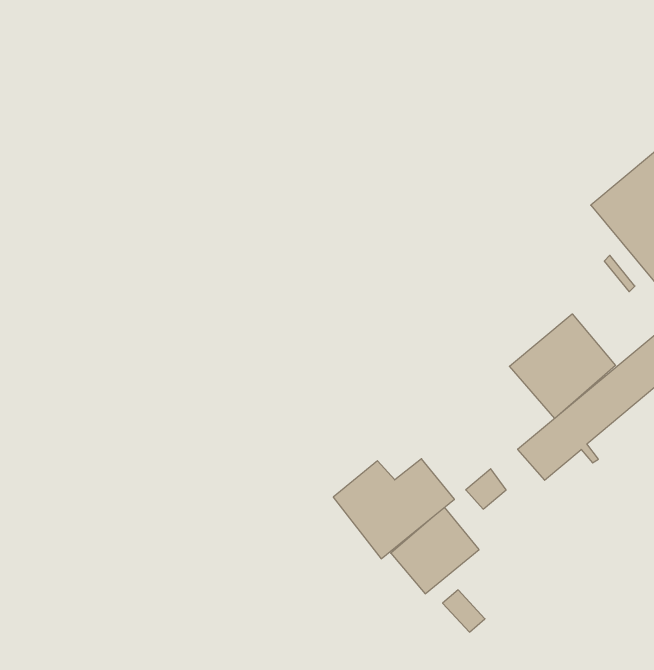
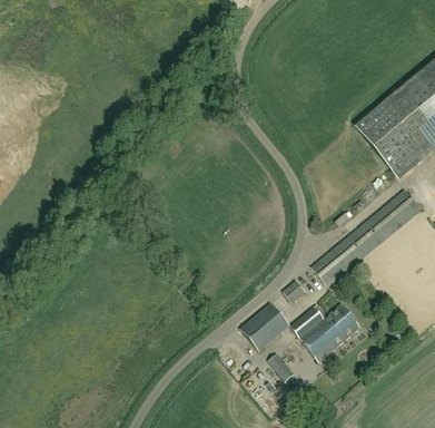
building: [509,314,615,418] -> none
building: [333,459,454,559] -> [291,302,362,360]

